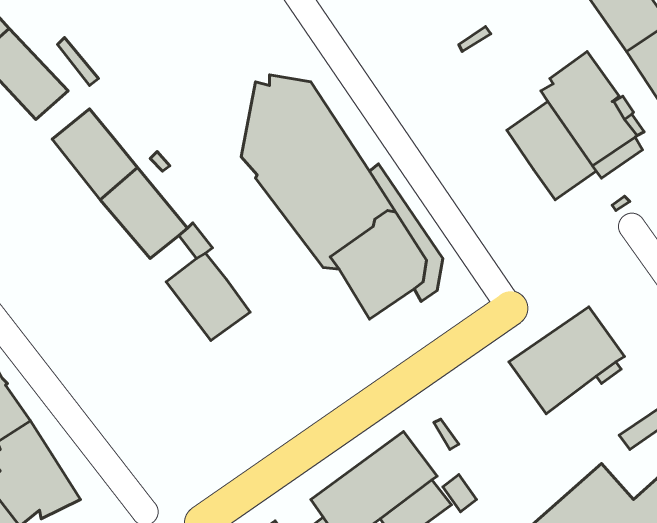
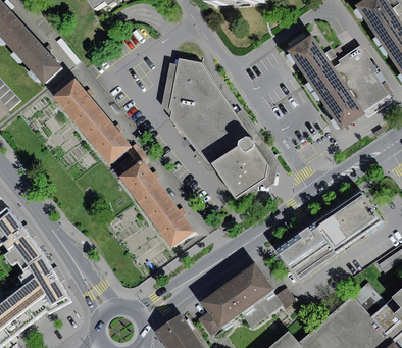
building: none -> [286,34,337,90]
building: none -> [144,194,194,247]
building: none -> [277,222,336,277]

